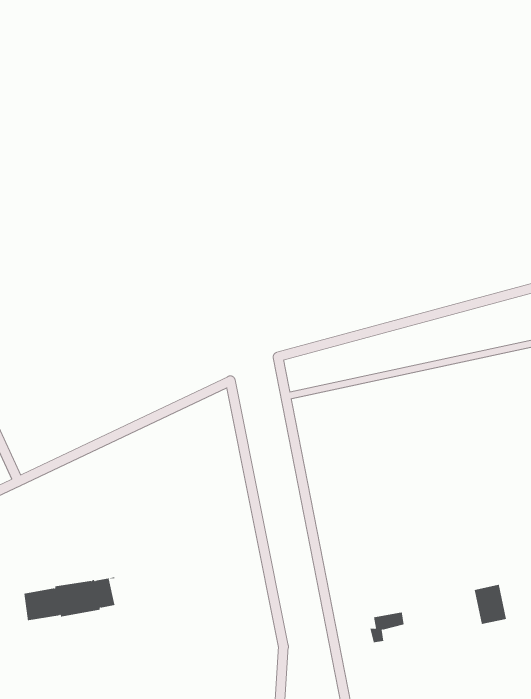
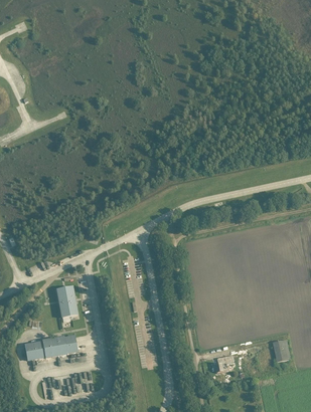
building: none -> [56,285,76,321]

